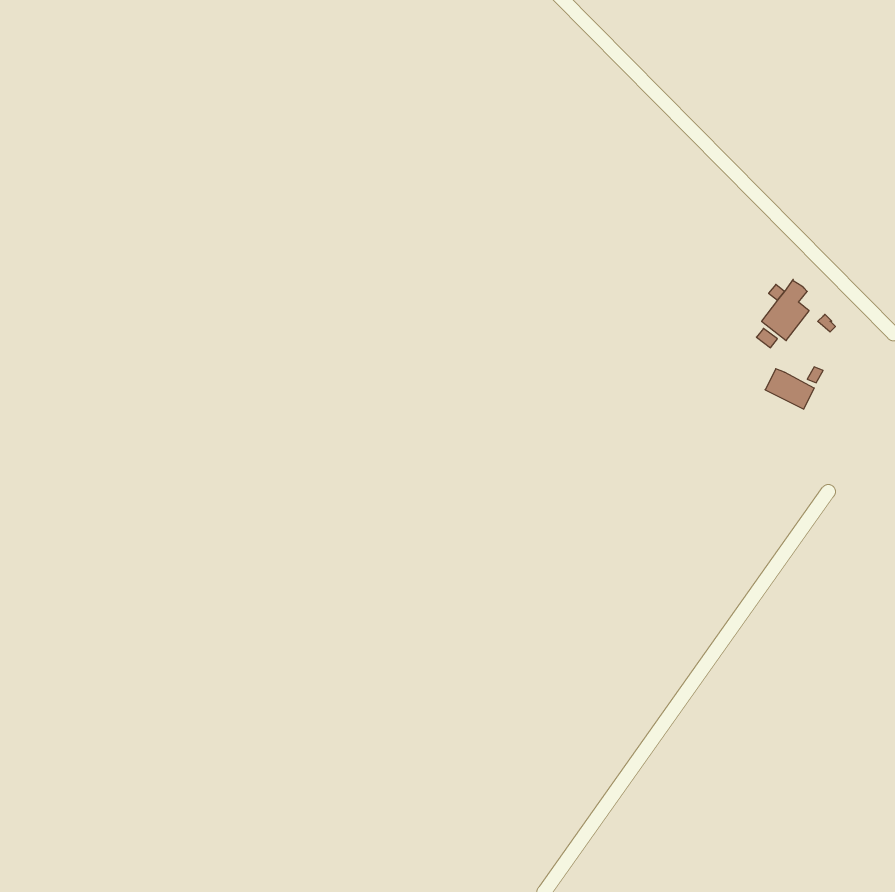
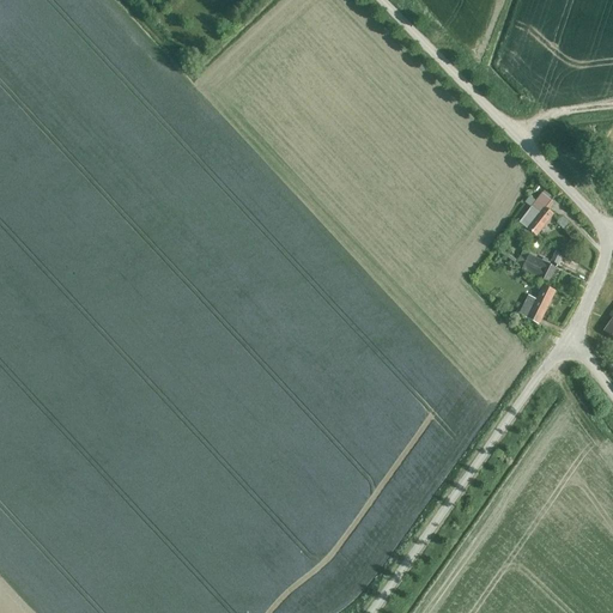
building: none -> [521,285,556,321]

